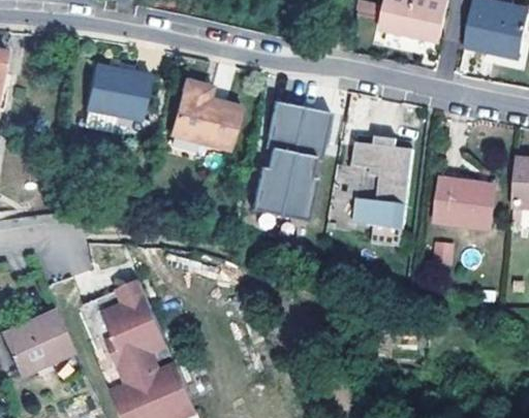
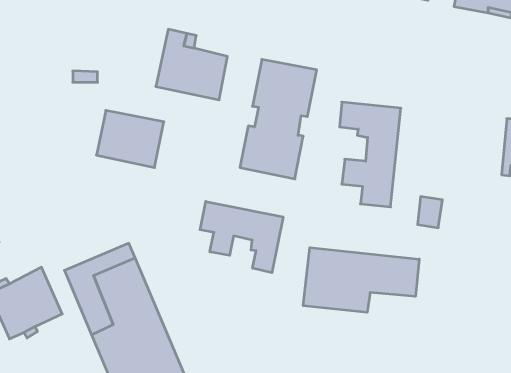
building: [79,59,146,116] -> [96,110,164,168]
building: [435,181,493,228] -> none
building: none -> [200,201,283,273]
building: none -> [303,248,419,312]

